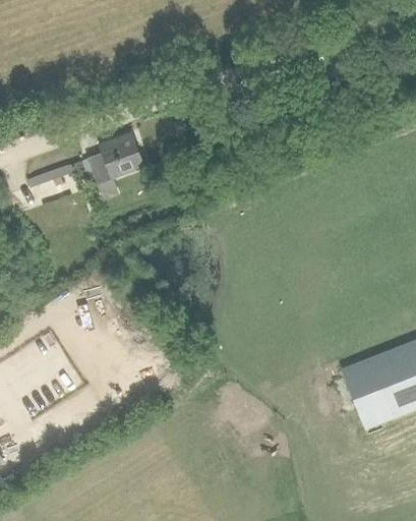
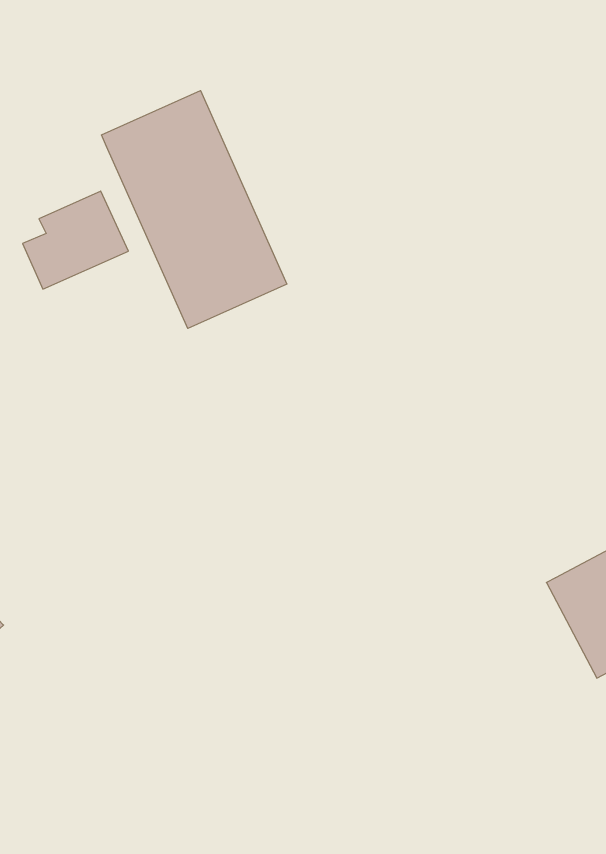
building: none -> [101,91,287,328]

